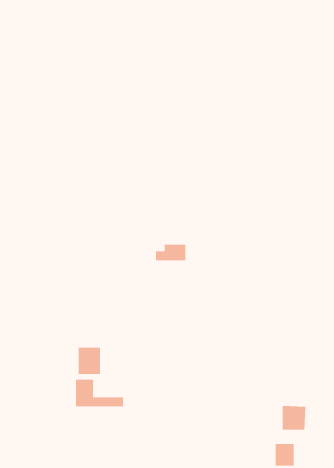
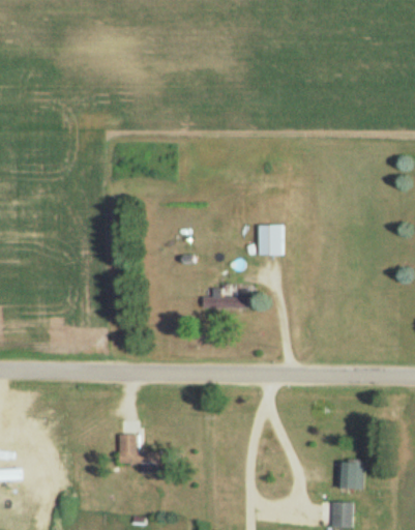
building: none -> [258,226,285,255]
building: [78,347,101,375] -> none

